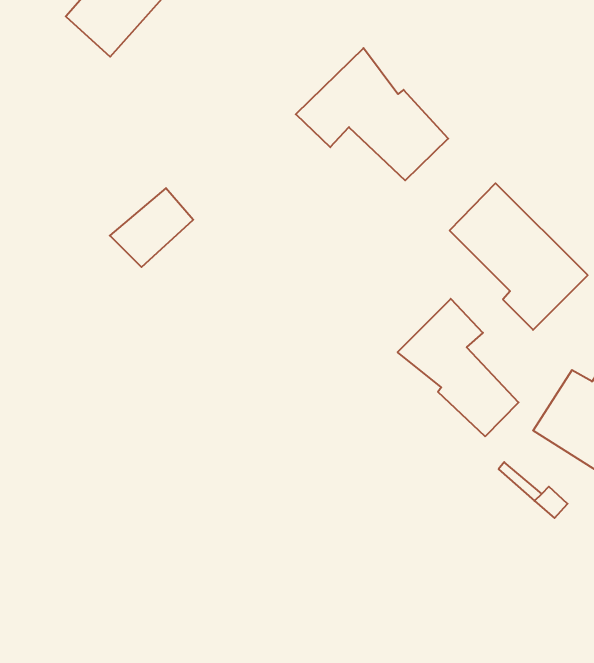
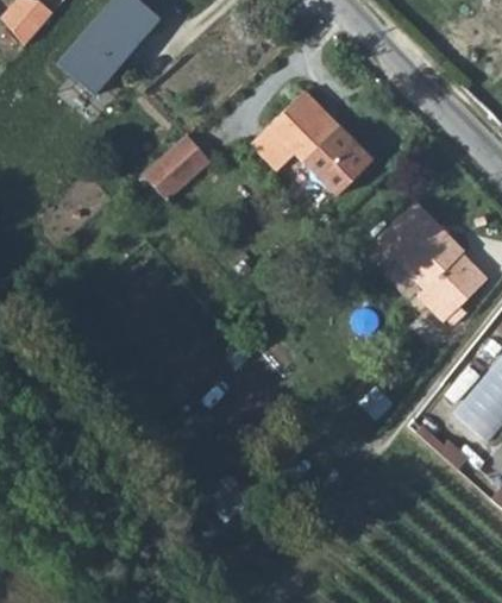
building: [110,188,193,267] -> [139,132,208,197]
building: [398,299,519,436] -> none

